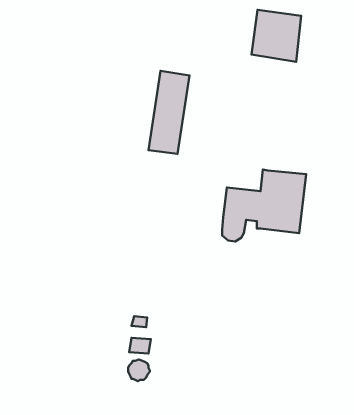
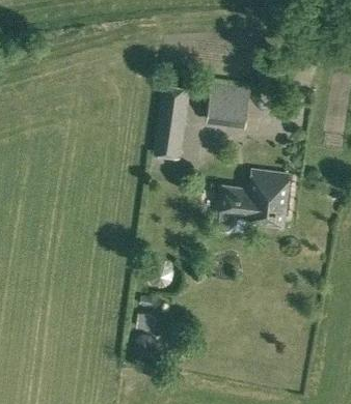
building: [252,10,301,62] -> [209,83,251,127]

